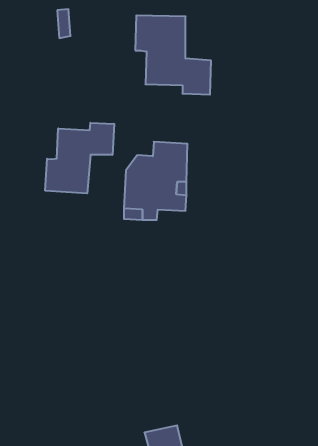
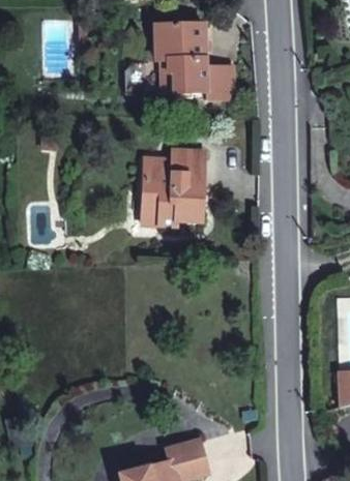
building: [45,123,114,193] -> none

